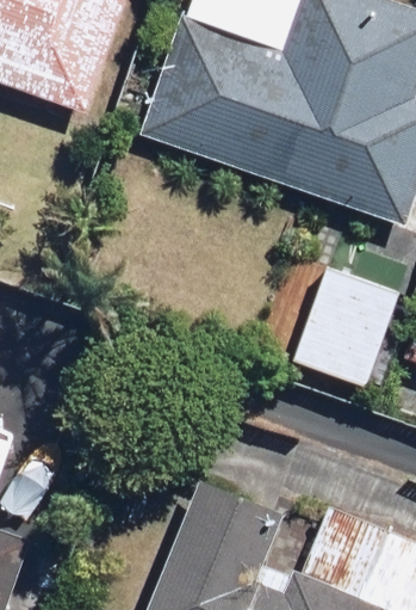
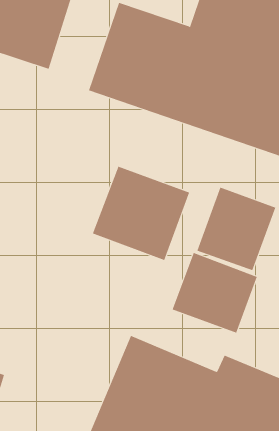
building: none -> [92,166,190,261]
building: none -> [172,252,257,334]

